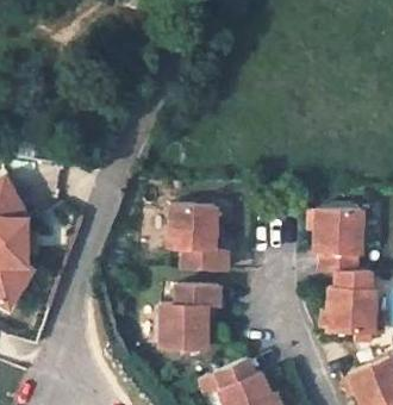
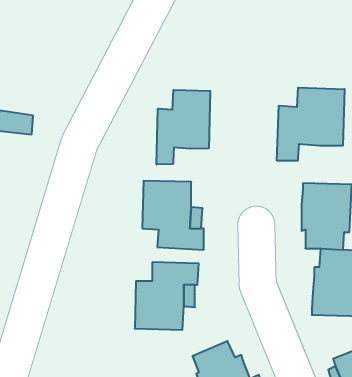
building: none -> [277,88,345,161]
building: none -> [157,90,210,165]

